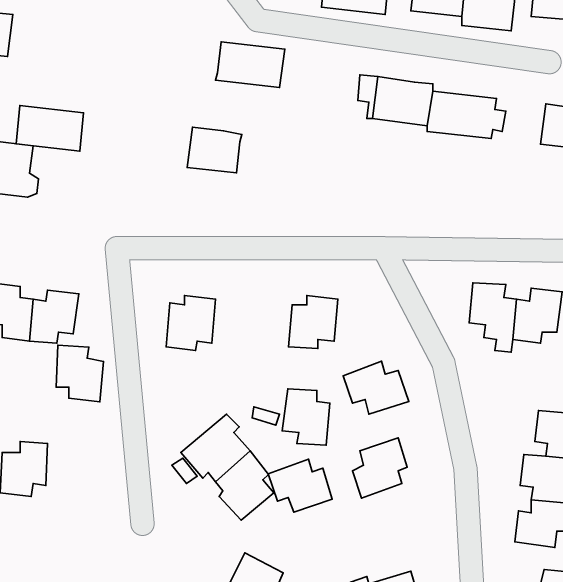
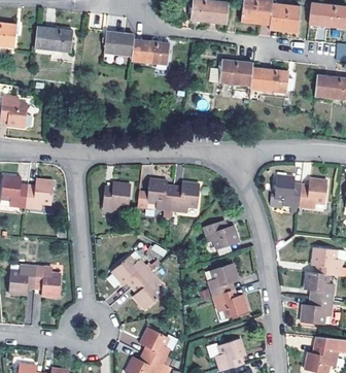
building: [16,106,84,151] -> [35,27,73,53]
building: [187,127,242,173] -> [104,31,135,57]
building: [56,345,104,402] -> [35,266,62,298]
building: [282,389,330,445] -> [147,179,174,211]
building: [268,459,332,512] -> [213,289,249,318]

